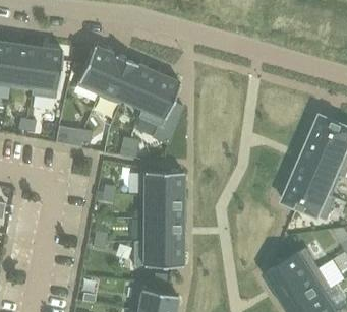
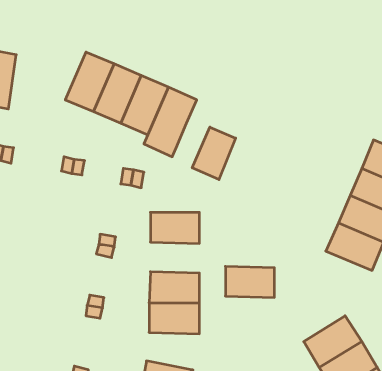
building: [32,47,63,98] -> none
building: none -> [192,127,236,180]
building: [144,194,183,219] -> [225,266,274,297]

